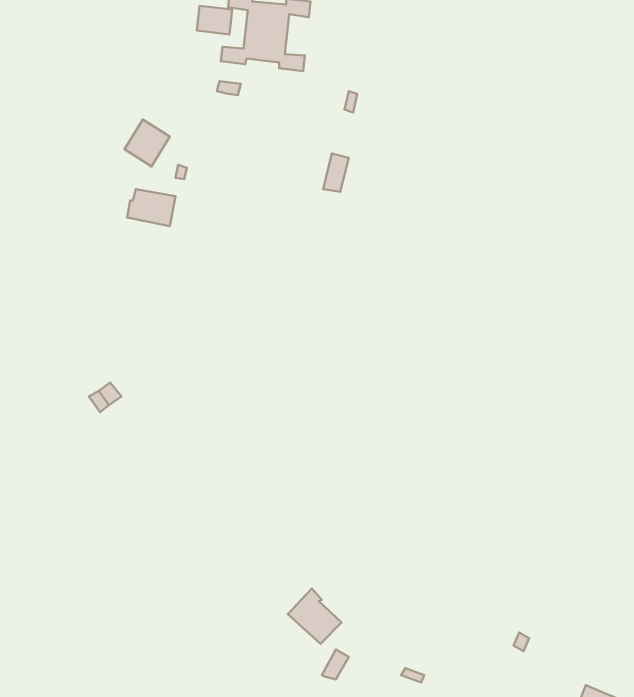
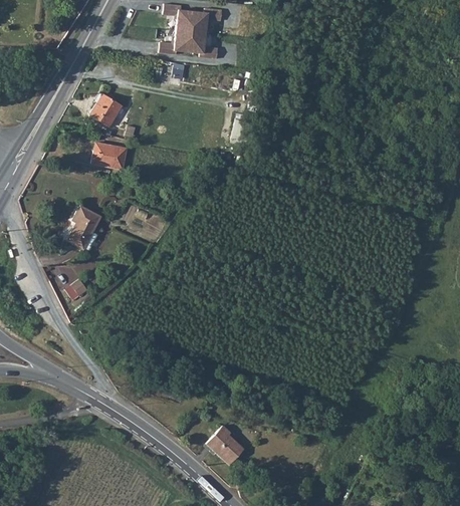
building: [197,6,232,34] -> none
building: none -> [67,206,100,250]

